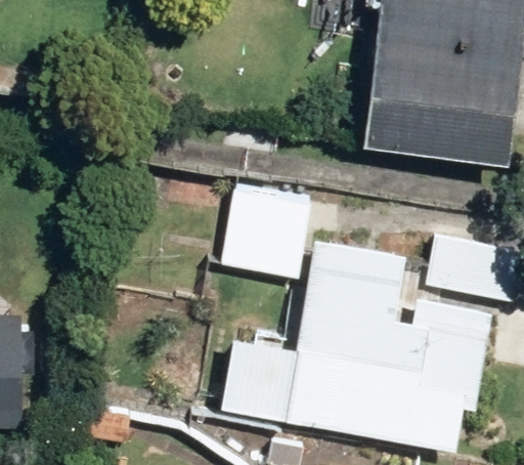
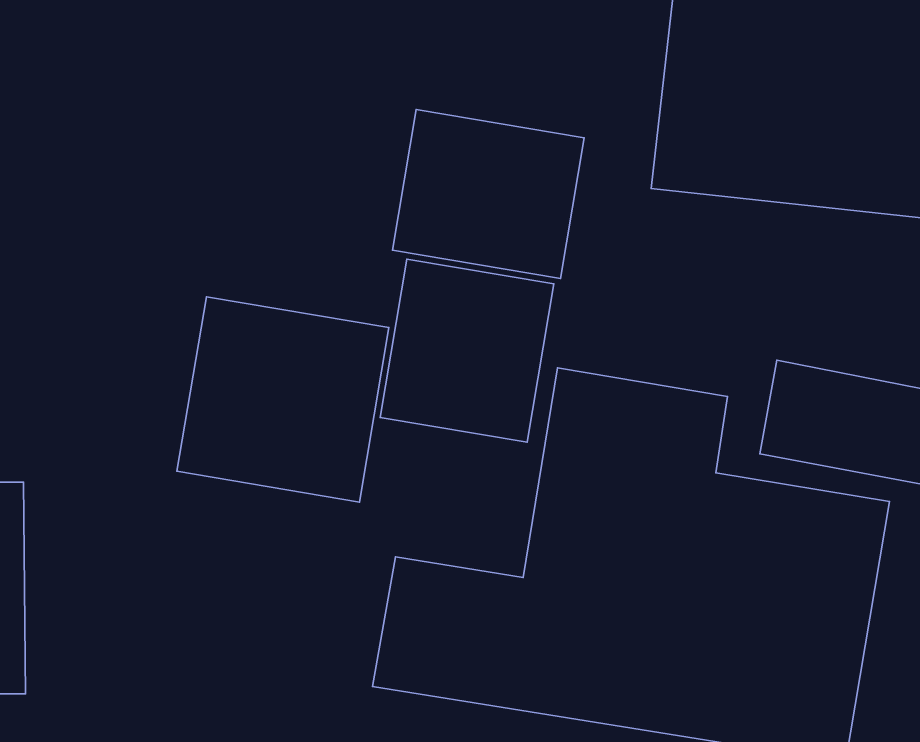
building: none -> [392,109,584,278]
building: none -> [177,297,389,502]

